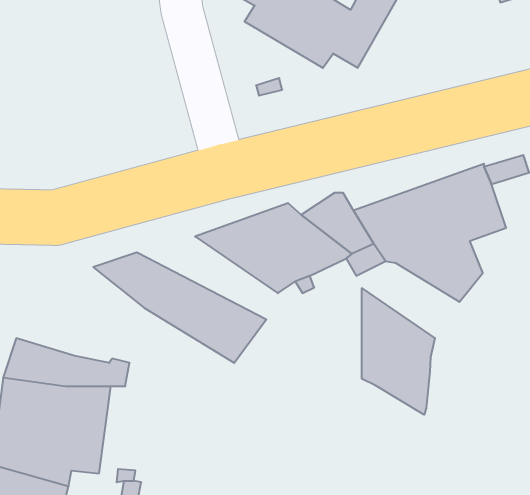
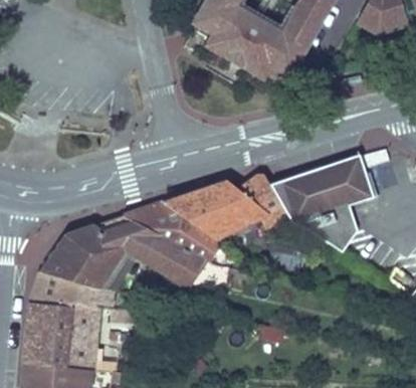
building: none -> [124,202,226,262]
building: none -> [40,225,129,292]
building: [362,288,435,415] -> none

